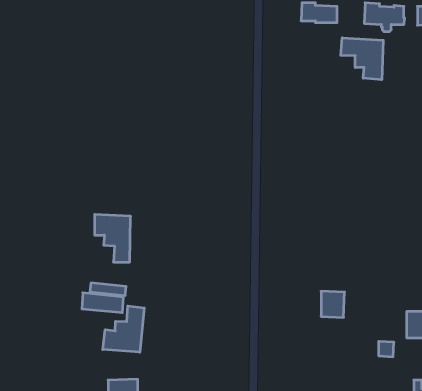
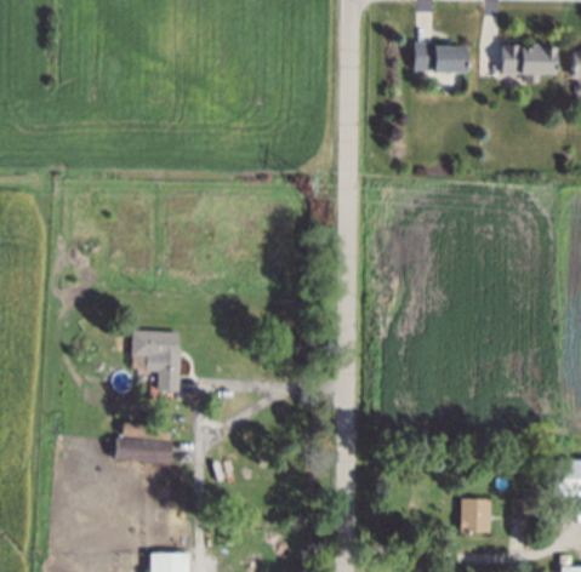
building: [341,38,383,80] -> none
building: [321,291,345,317] -> [461,498,492,533]
building: [103,306,144,352] -> none

